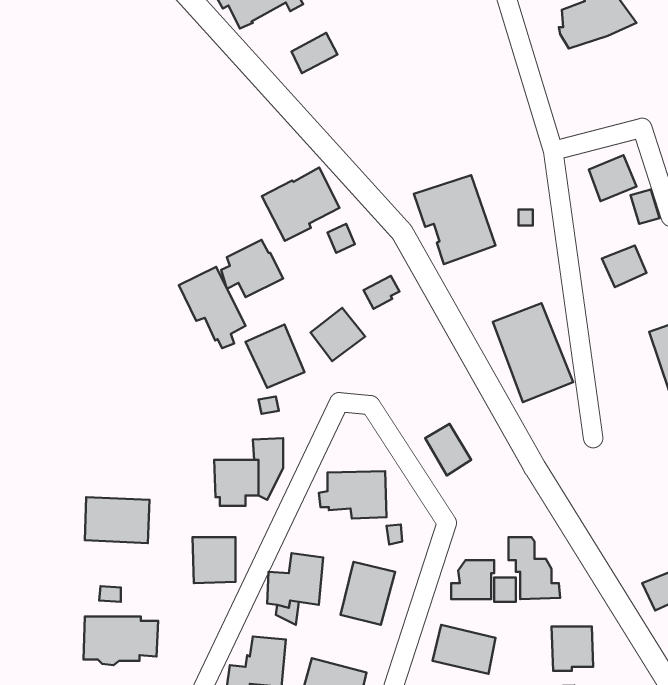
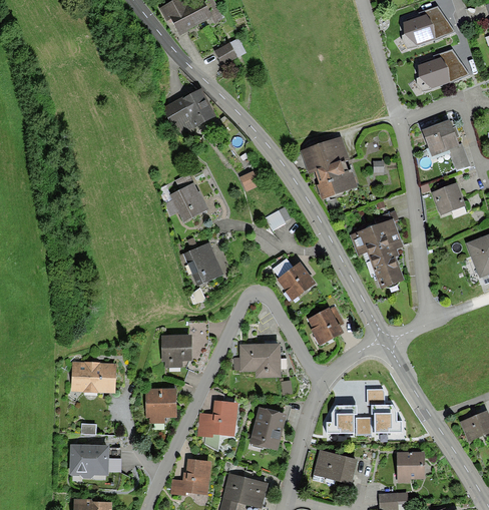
building: none -> [416,49,470,91]
building: [262,168,339,241] -> [162,87,216,138]
building: [179,267,246,348] -> none
building: [311,308,365,361] -> [278,262,316,299]

